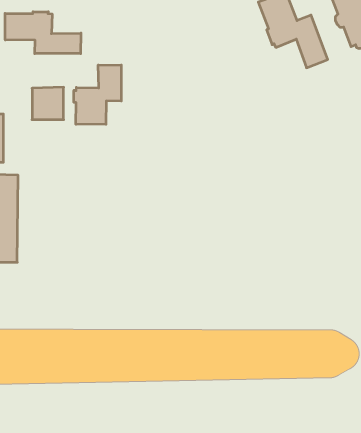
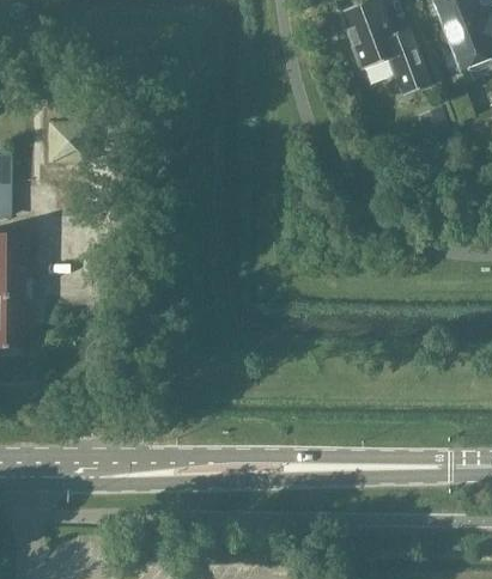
building: [5,12,81,54] -> none
building: [74,65,121,124] -> none

